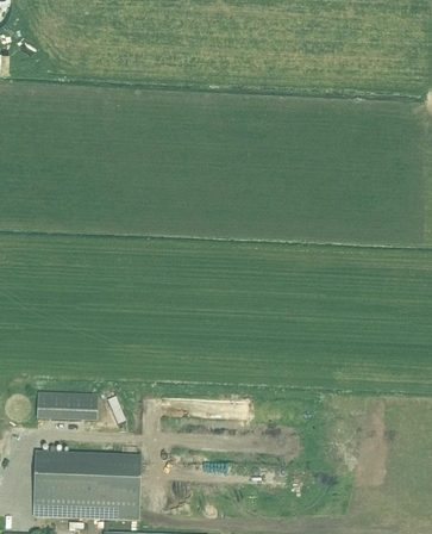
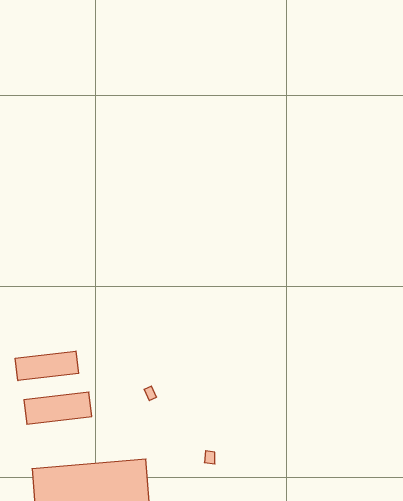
building: none -> [15,351,79,381]

